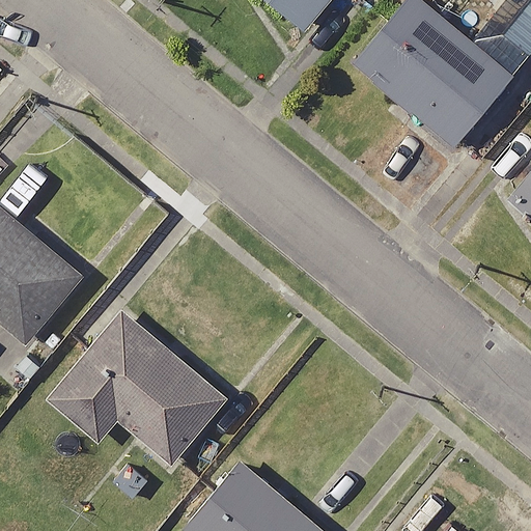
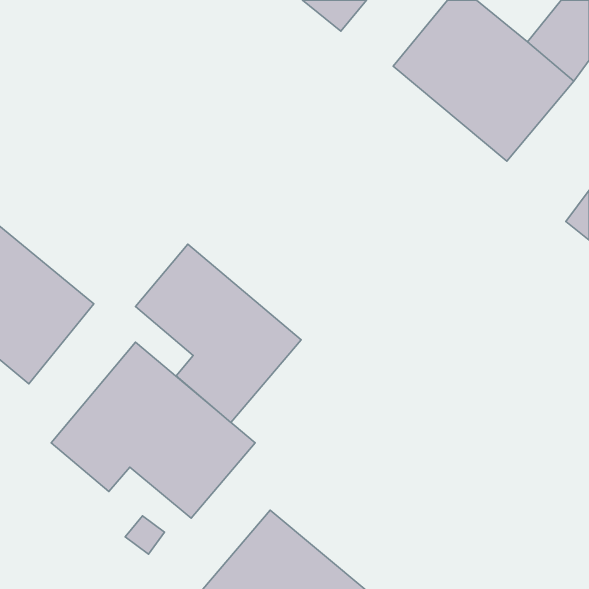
building: none -> [136,244,301,422]

